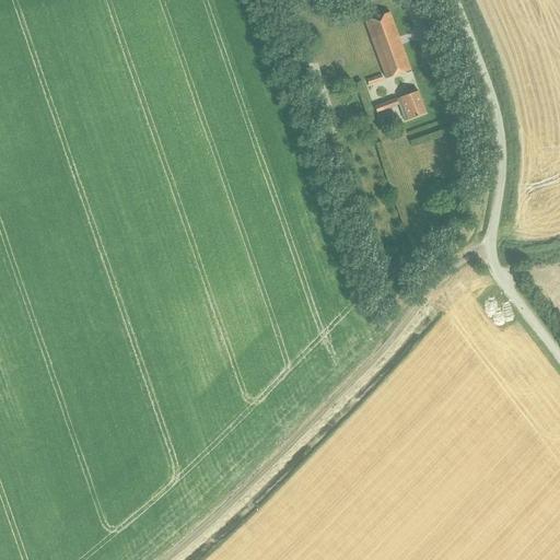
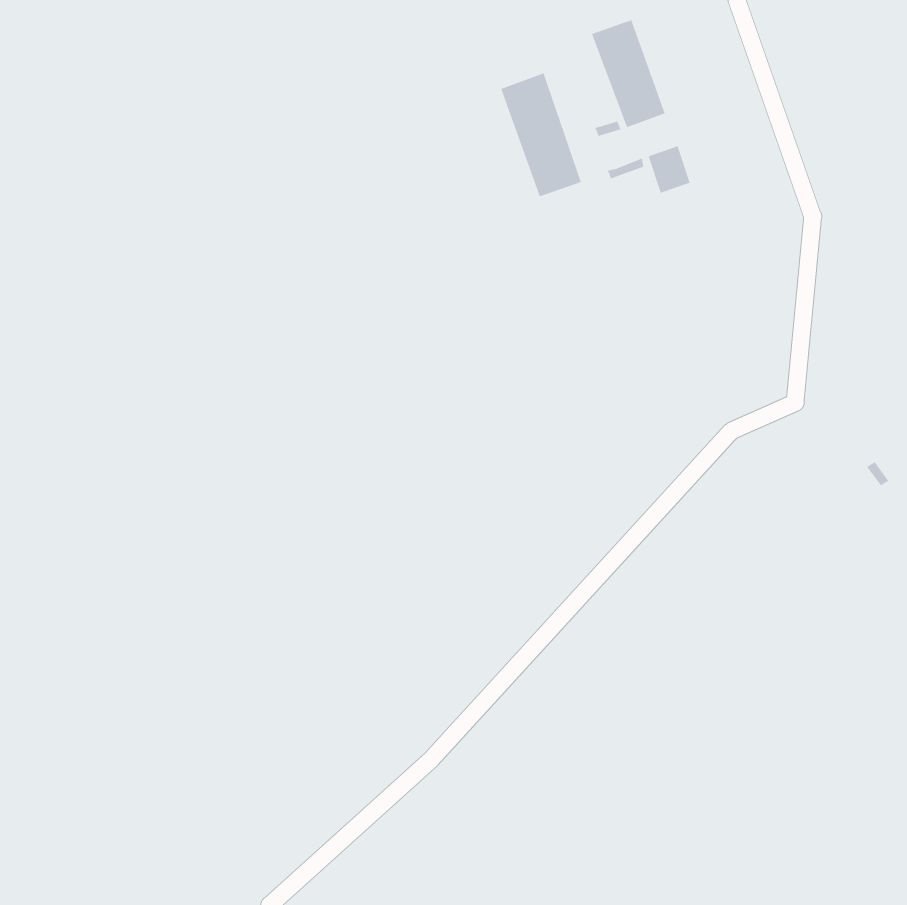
building: none -> [501,73,581,197]

